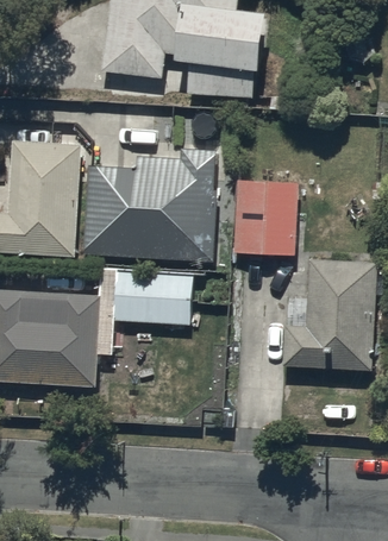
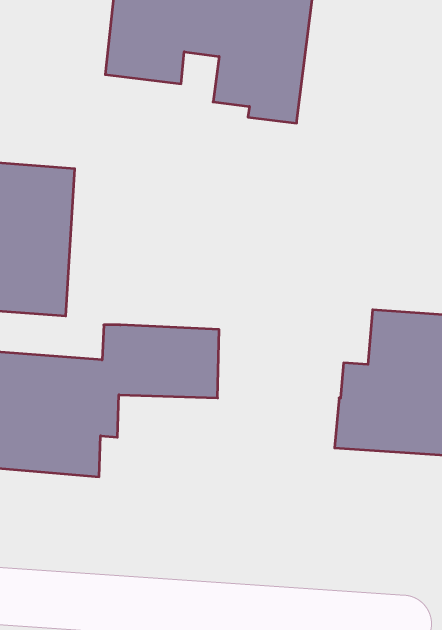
building: [86,152,217,259] -> none
building: [232,181,300,257] -> none

